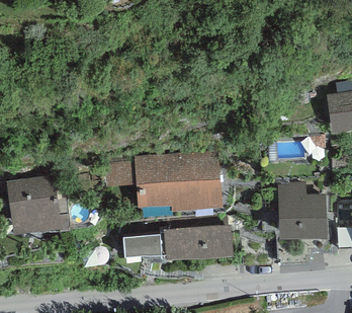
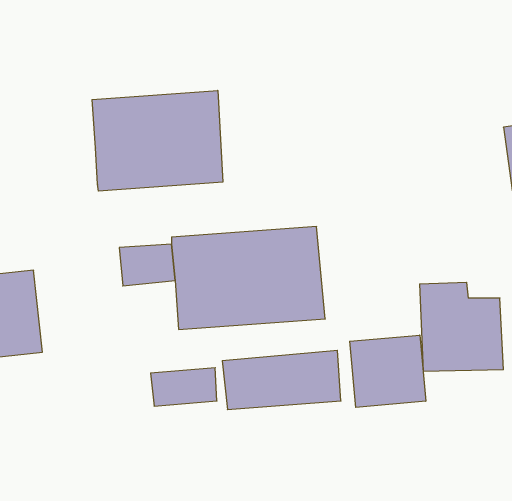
building: none -> [92,90,223,191]
building: none -> [350,335,426,407]

